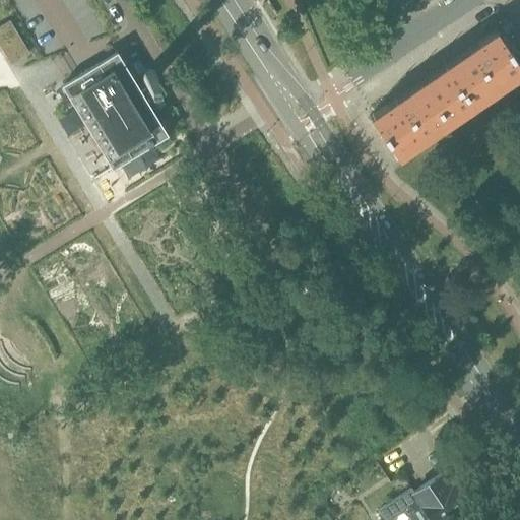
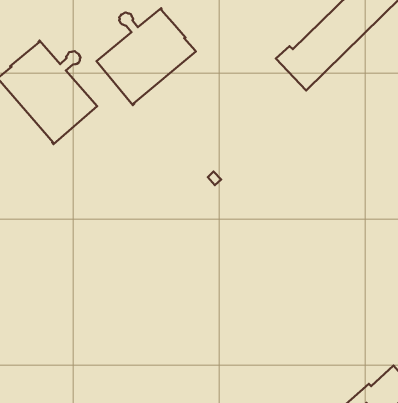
building: none -> [96,8,196,105]

